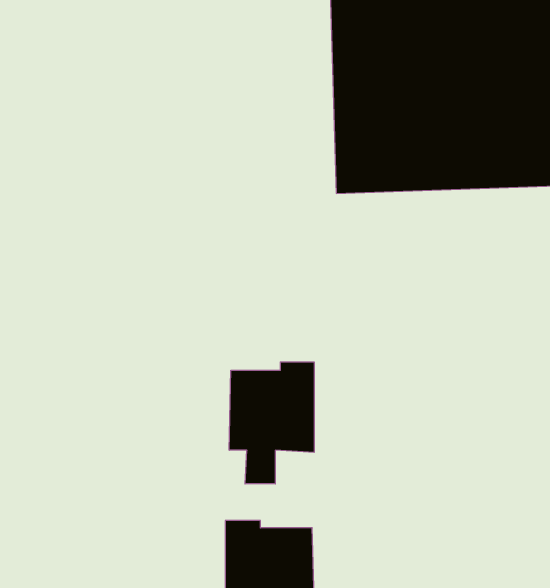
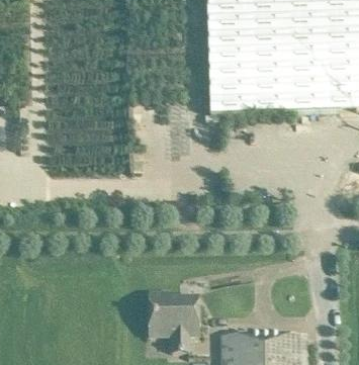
building: [229,362,314,484] -> none

